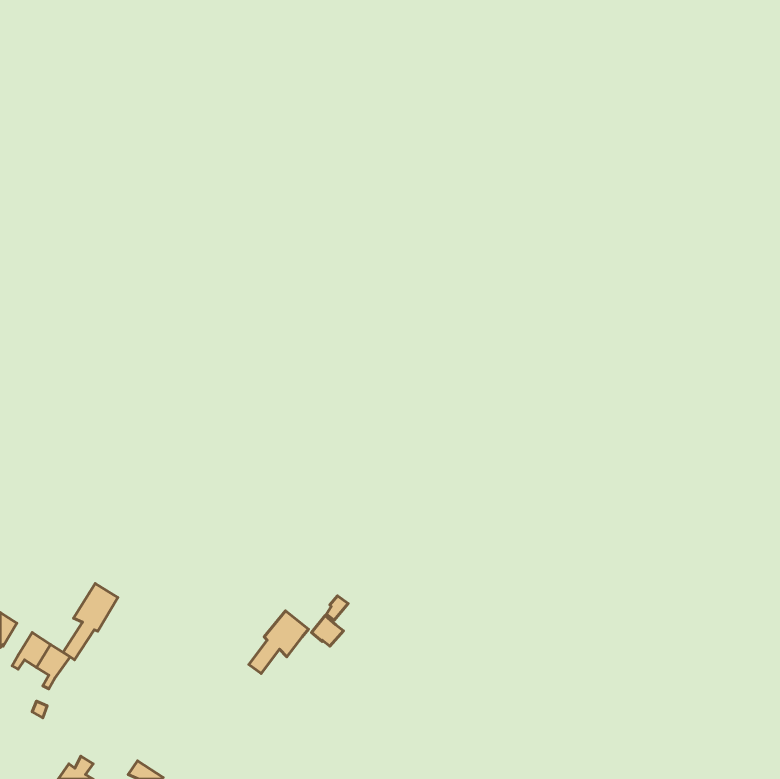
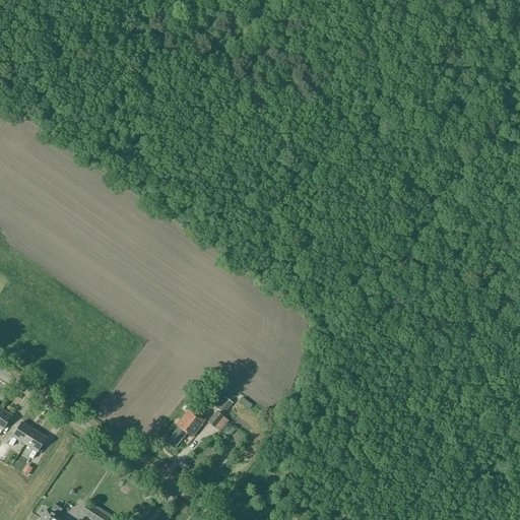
building: [63,584,118,660] -> none

